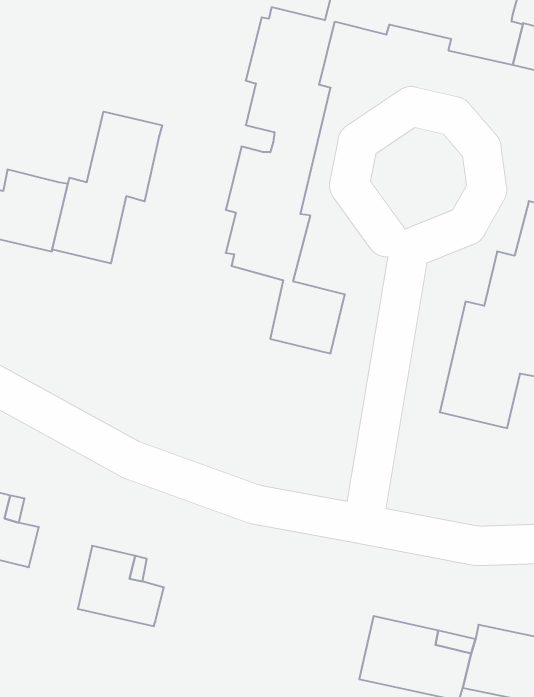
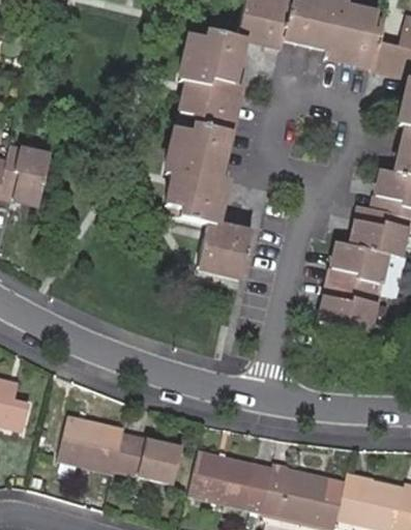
building: [52,112,162,263] -> none
building: none -> [114,433,182,484]
building: none -> [186,449,271,513]

